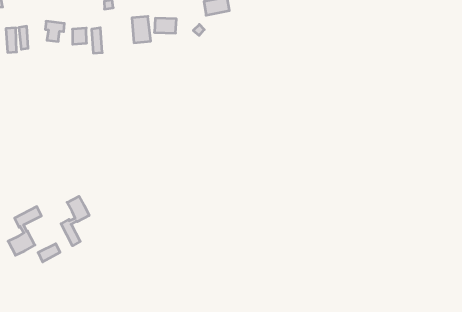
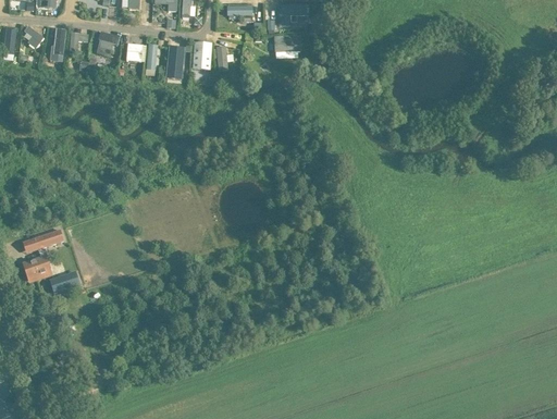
building: none -> [166,46,185,81]
building: [61,196,89,246] -> none

